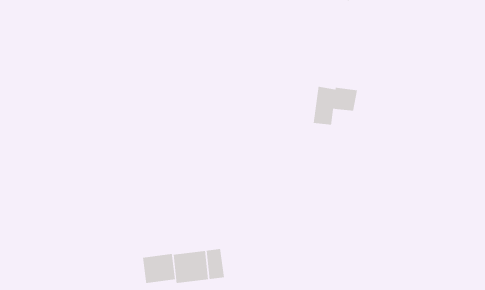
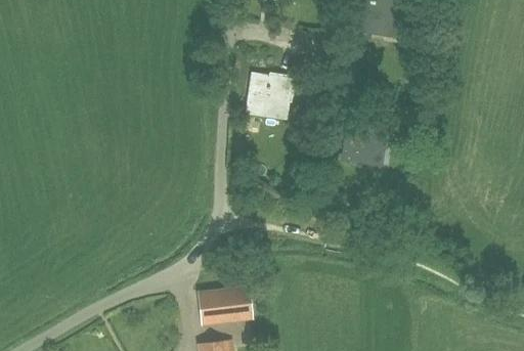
building: none -> [248,76,294,116]
building: [142,253,175,284] -> none

